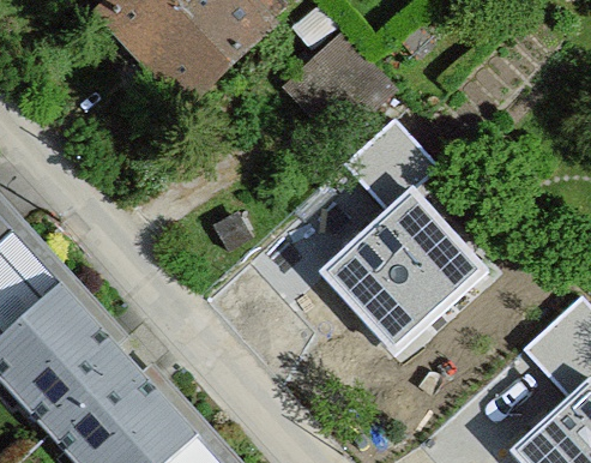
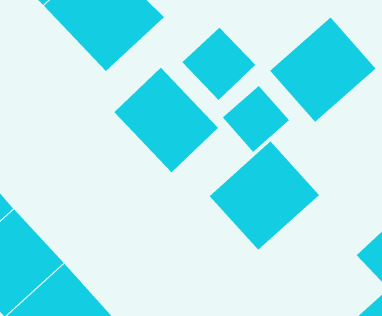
building: none -> [269,17,377,123]
building: none -> [113,67,219,173]

